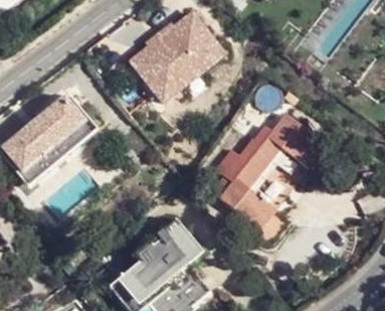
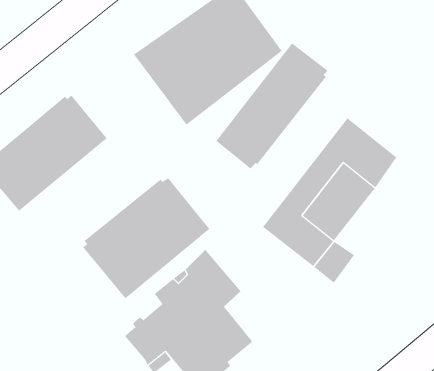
building: none -> [215,42,328,169]
building: none -> [82,177,210,299]

